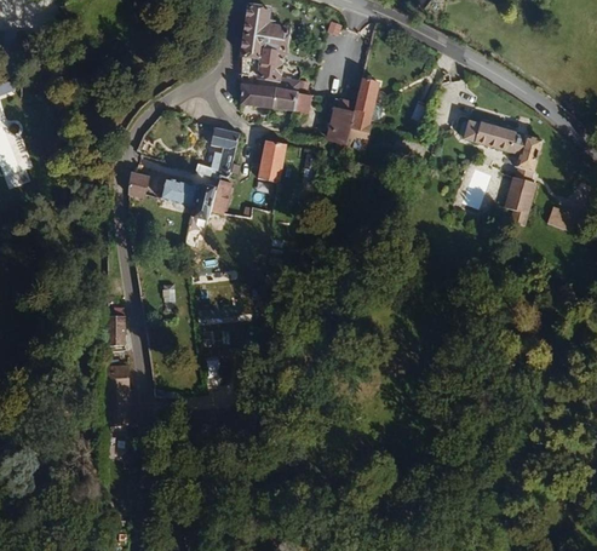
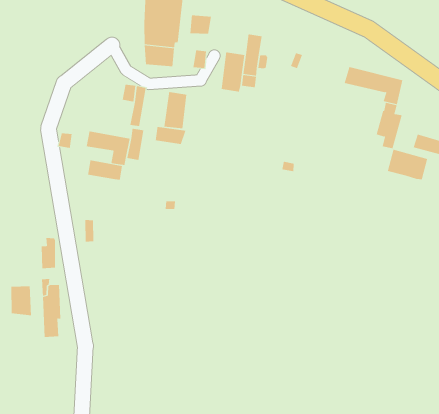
building: [271,87,299,111] -> [189,15,212,34]
building: none -> [155,126,186,145]
building: none -> [87,160,123,180]
building: none -> [387,149,428,180]
building: none -> [11,286,31,316]

